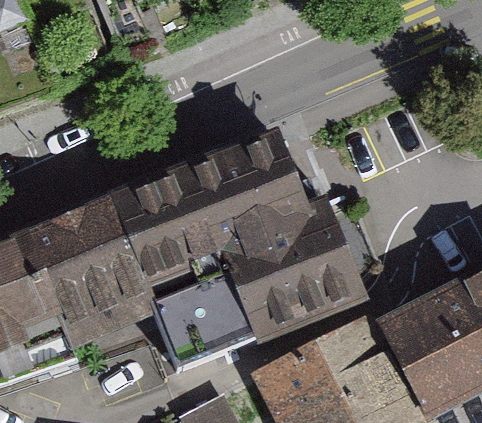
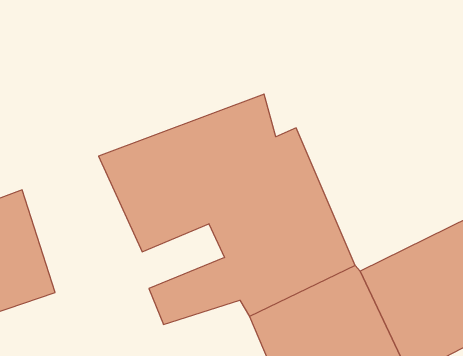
building: [24,198,159,363] -> none

